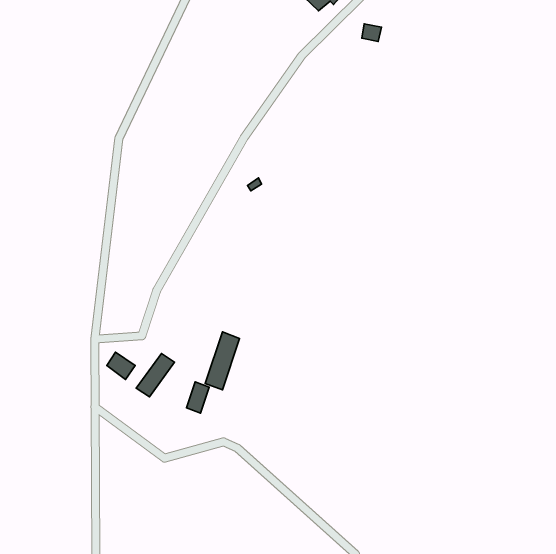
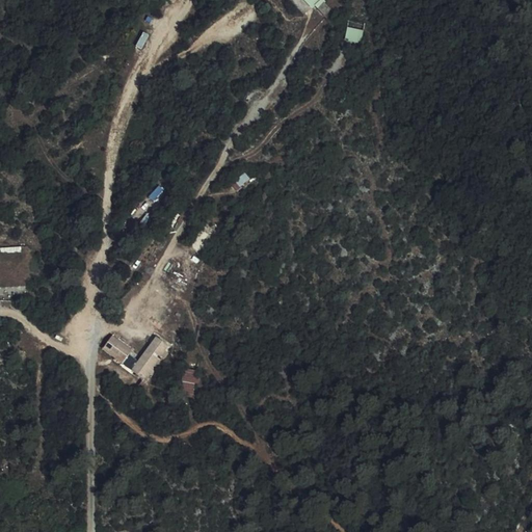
building: [205,332,240,390] -> none

